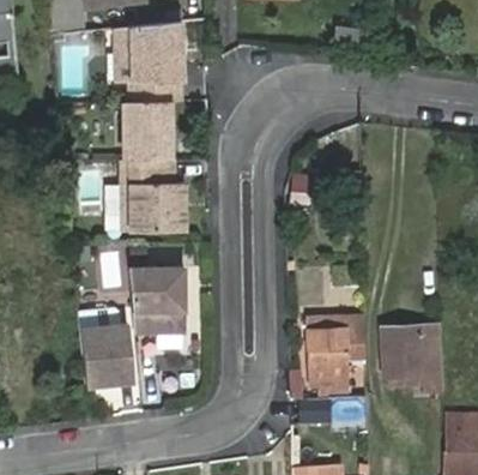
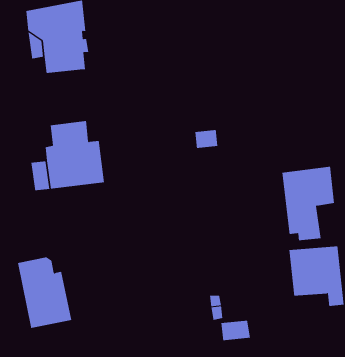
building: [122,100,171,158] -> none
building: [126,265,184,330] -> none
building: [309,314,365,395] -> [282,166,335,241]

